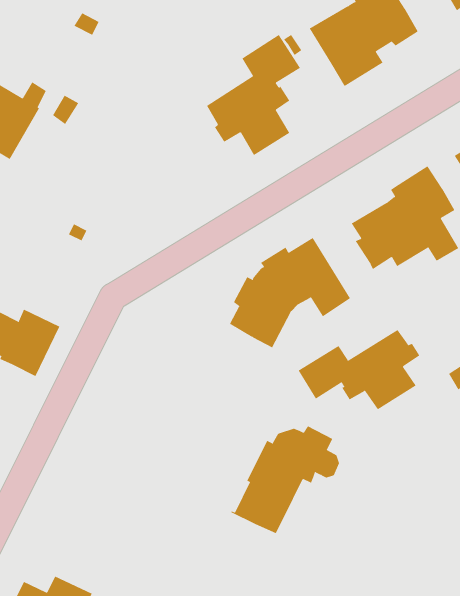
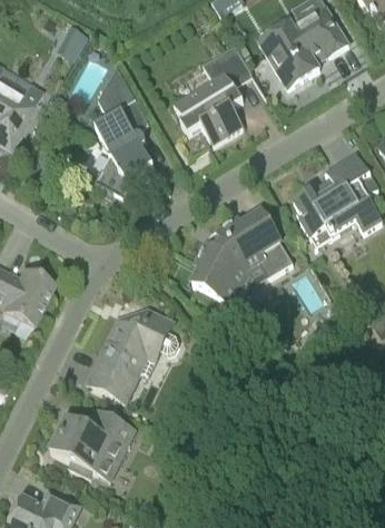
building: none -> [96,68,154,198]
building: [298,329,420,410] -> none
building: [230,425,340,534] -> [88,311,178,400]
building: none -> [50,408,135,480]

